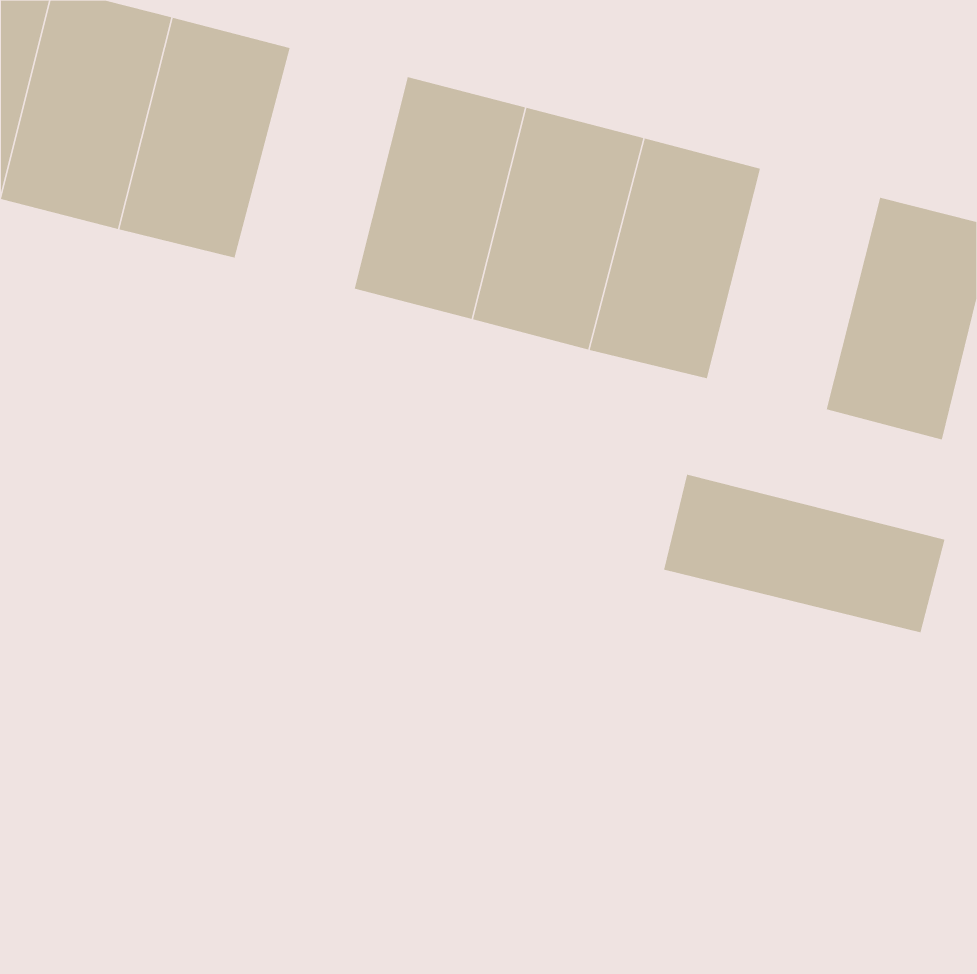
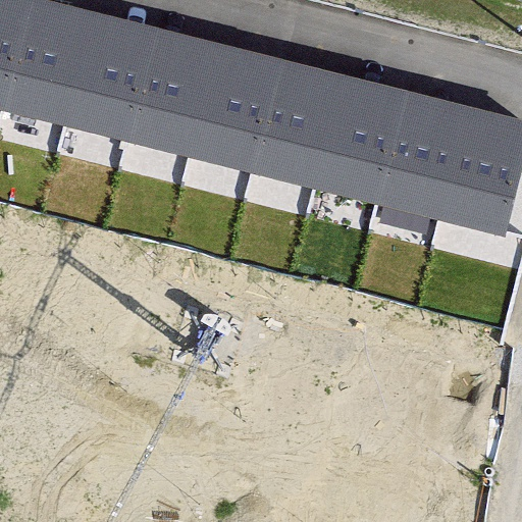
building: none -> [125,28,217,156]
building: none -> [377,92,469,220]
building: [663,474,945,633] -> none

